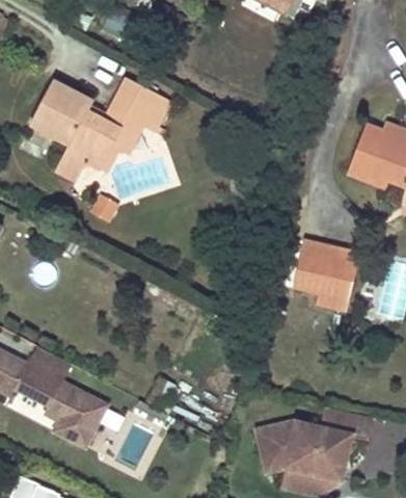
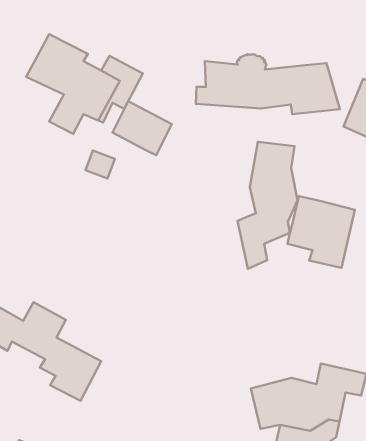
building: [113,70,172,124] -> [113,101,172,155]
building: none -> [196,54,340,114]
building: none -> [237,142,298,269]

